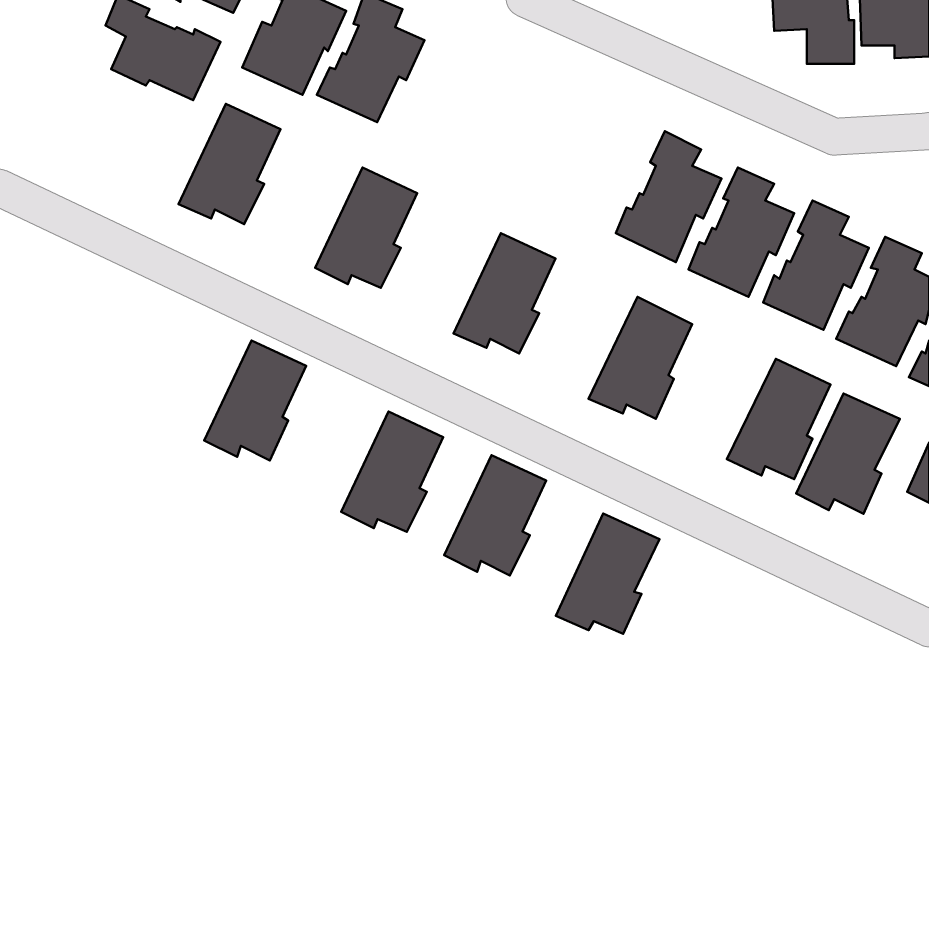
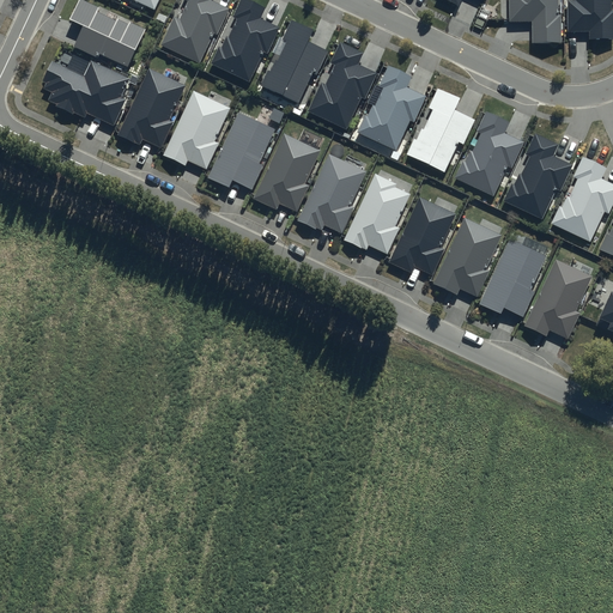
building: none -> [260,19,327,102]
building: none -> [306,42,377,127]
building: none -> [41,59,129,123]
building: none -> [354,65,425,150]
building: [204,340,306,461] -> [162,90,229,169]
building: [341,412,443,532] -> [253,132,320,211]
building: [444,455,546,575] -> [342,175,409,254]
building: [556,514,660,634] -> [433,217,502,296]

